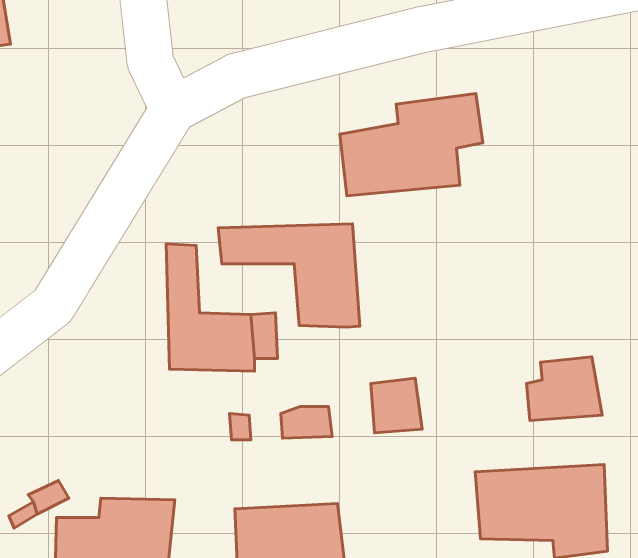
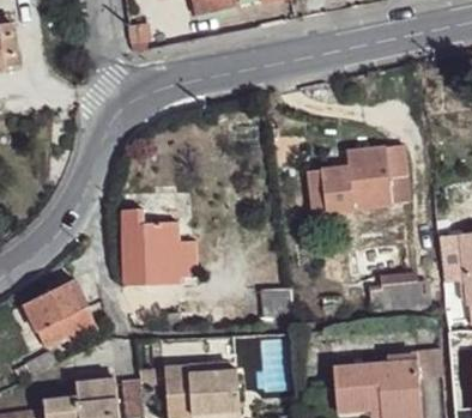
building: [340,93,483,196] -> [309,145,406,214]
building: [218,224,360,327] -> none
building: none -> [28,281,96,345]

